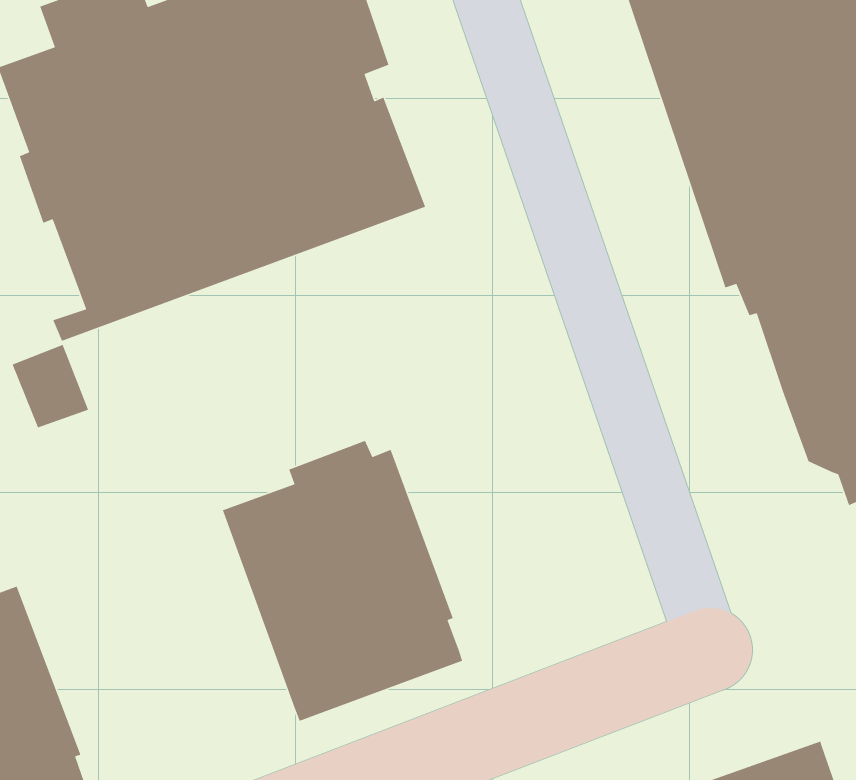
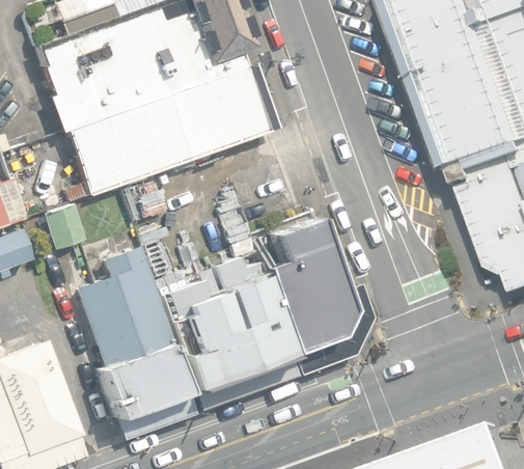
building: none -> [263,217,373,375]
building: none -> [76,246,196,440]

